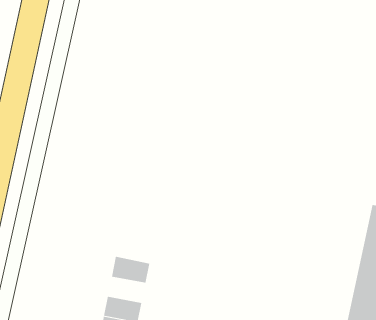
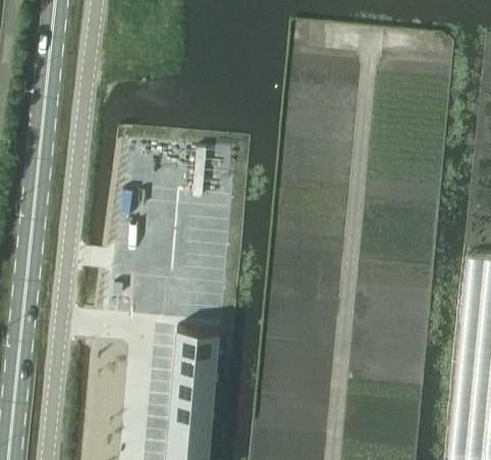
building: none -> [176,337,220,364]
building: none -> [172,385,216,411]

